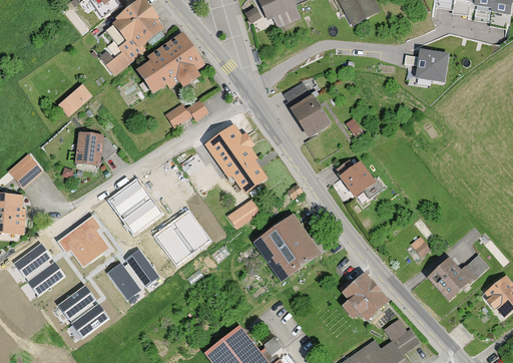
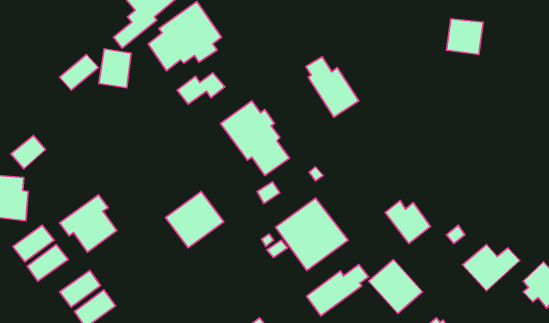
building: [74,131,104,167] -> [99,49,131,88]
building: [336,158,378,199] -> [385,200,430,244]
building: [107,176,159,230] -> none
building: [105,246,158,298] -> none
building: none -> [306,265,369,316]

